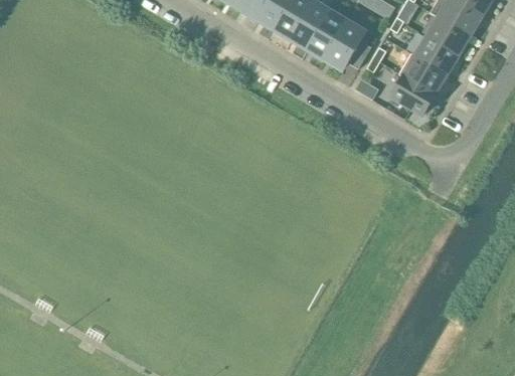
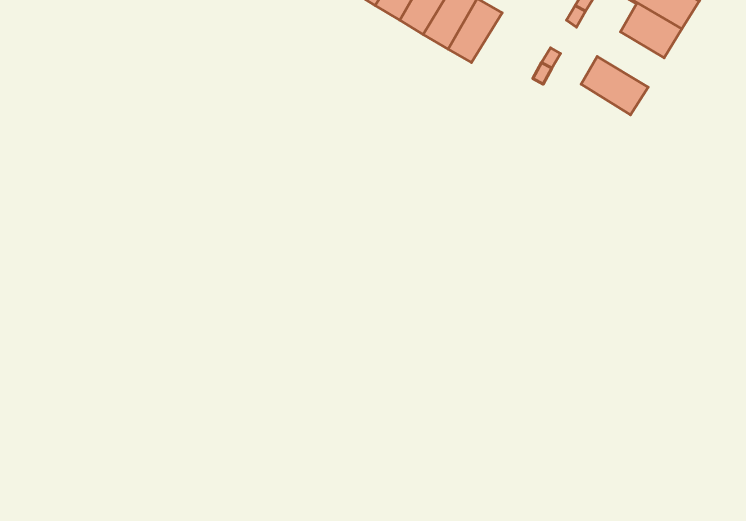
building: [325,22,363,67] -> none
building: [411,35,458,73] -> none
building: [391,71,435,114] -> none

